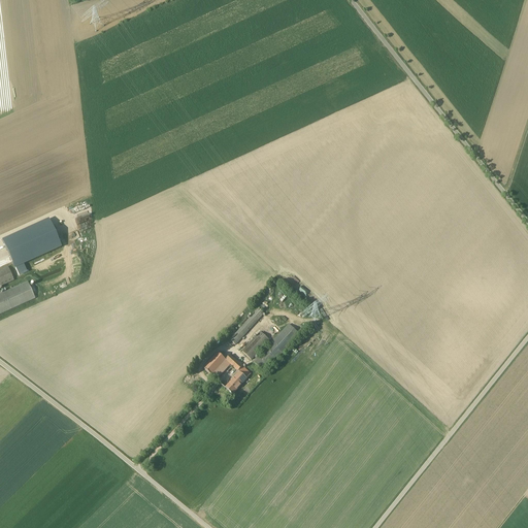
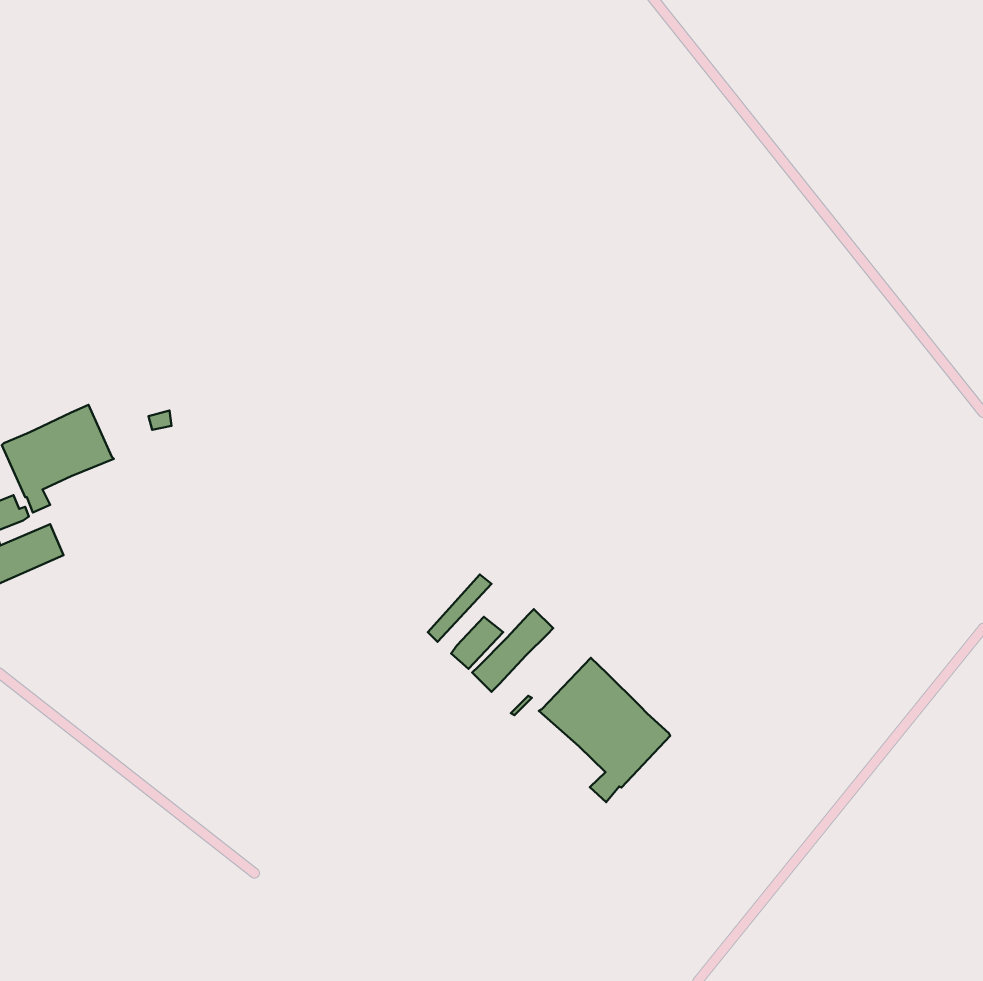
building: none -> [539,658,670,802]
building: [203,353,250,392] -> none

